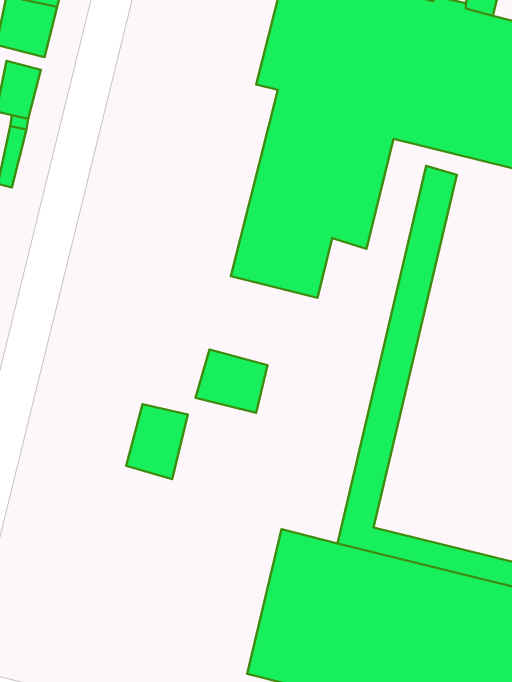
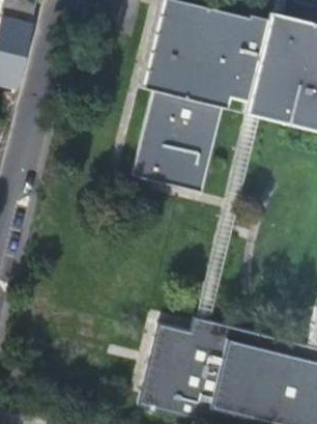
building: [195,350,267,413] -> none
building: [126,404,188,479] -> none

